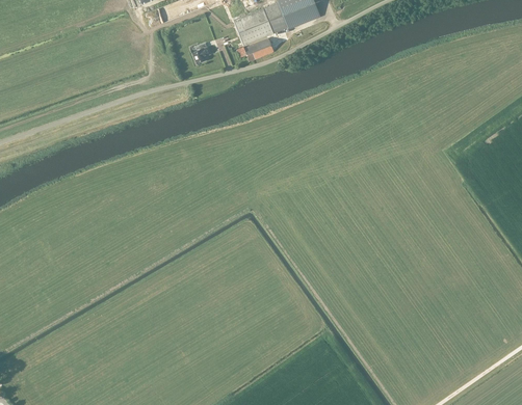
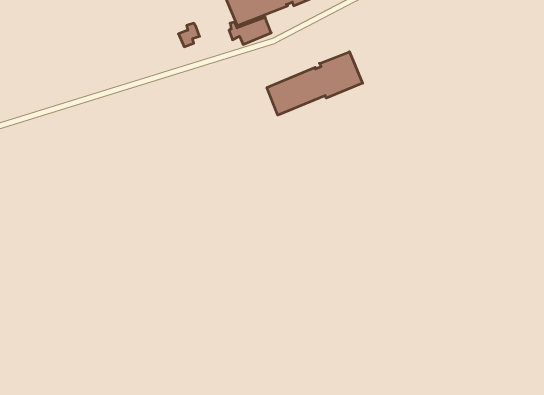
building: none -> [267,52,363,115]

